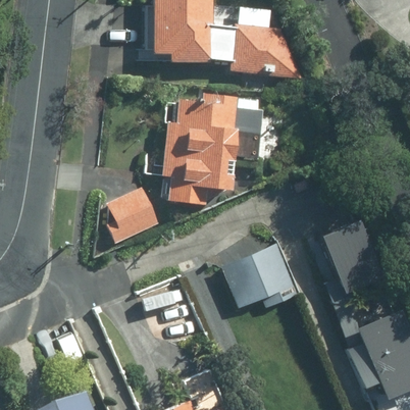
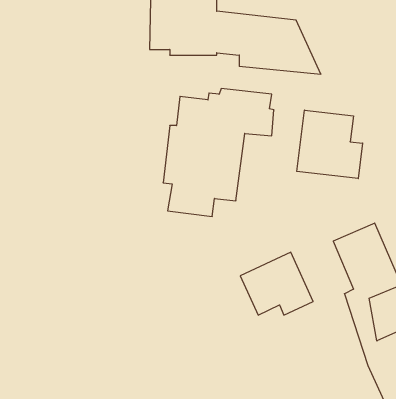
building: none -> [297,110,363,179]
building: [109,191,160,245] -> none

